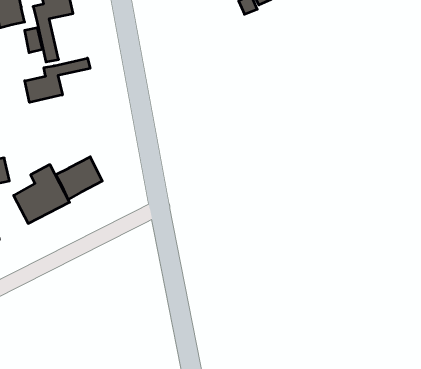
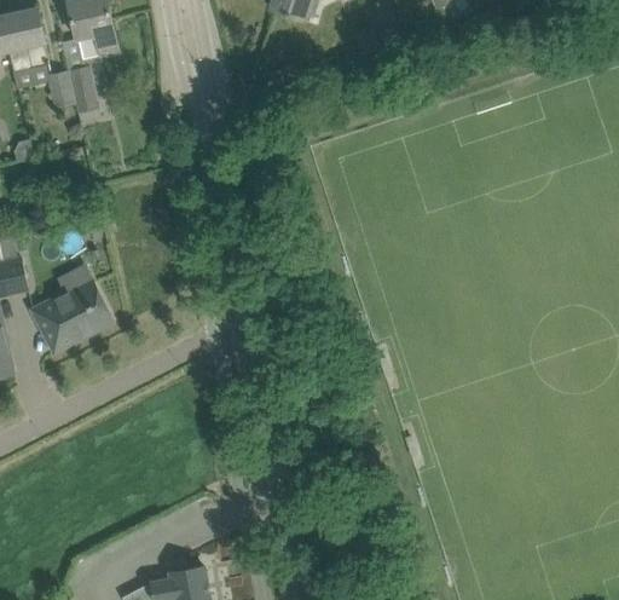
building: [25,58,90,102] -> none
building: [56,157,102,200] -> none

